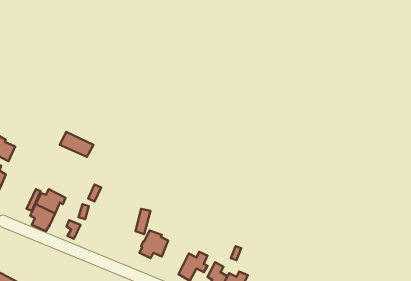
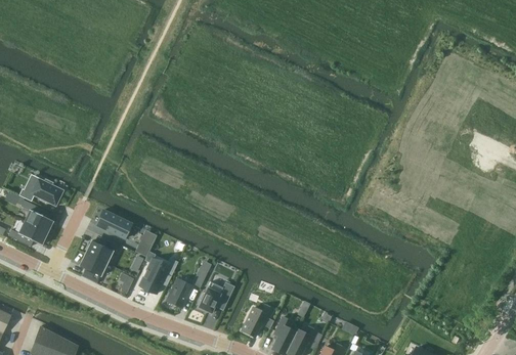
building: [60,132,93,157] -> [95,211,132,238]
building: none -> [139,262,171,294]
building: none -> [166,279,192,308]

